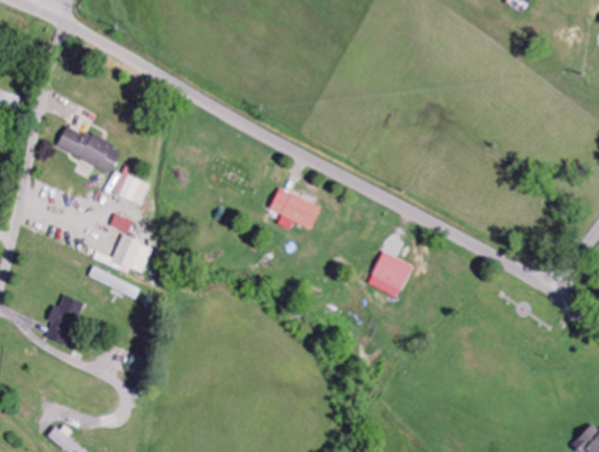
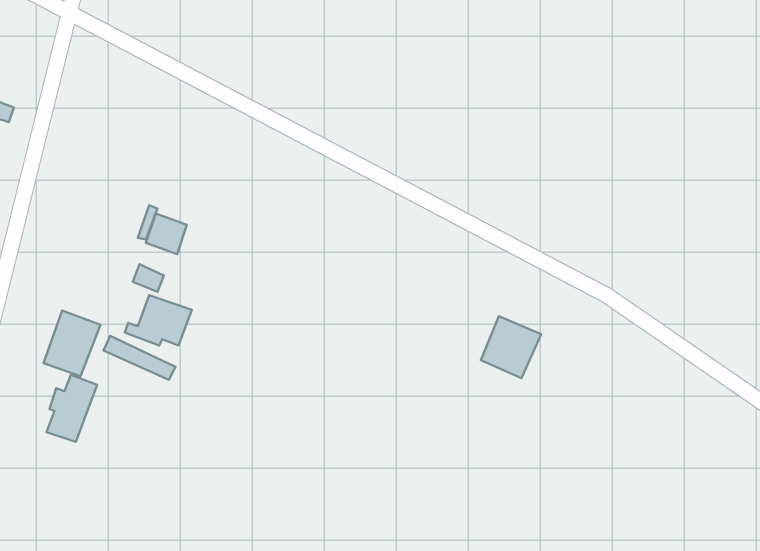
building: [56,124,120,172] -> none
building: [269,187,320,229] -> none
building: none -> [44,311,100,376]

